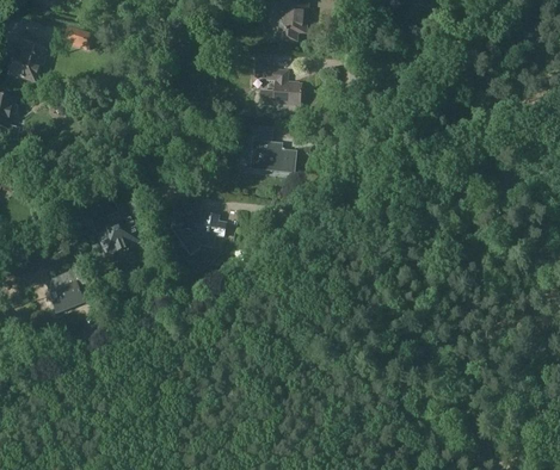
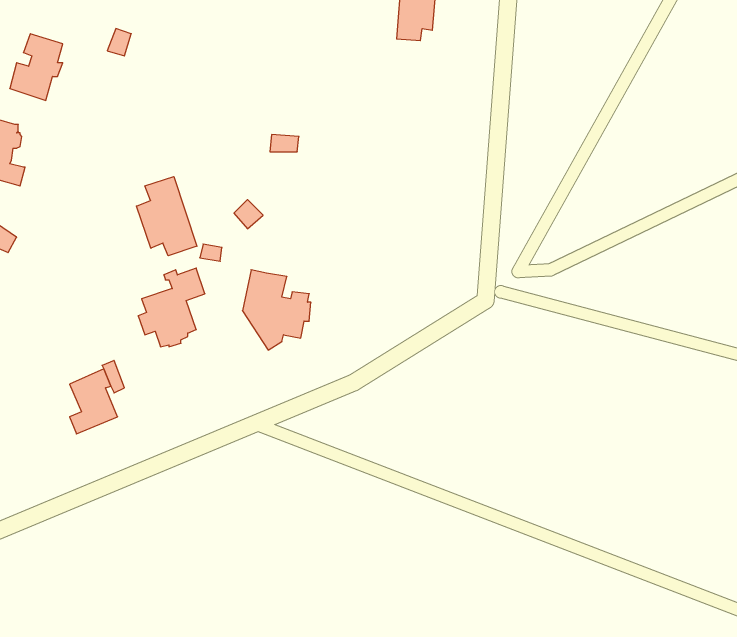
building: [253,56,301,105] -> none
building: none -> [136,177,197,256]
building: [251,140,294,172] -> none

